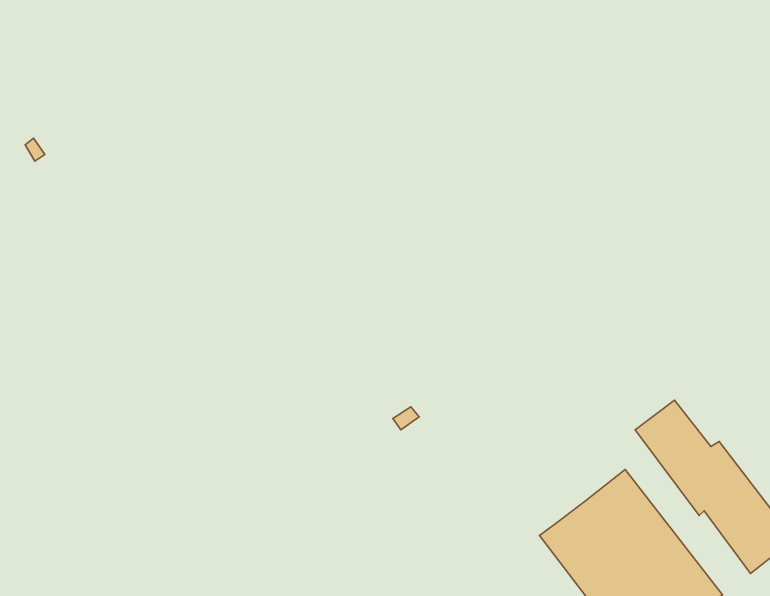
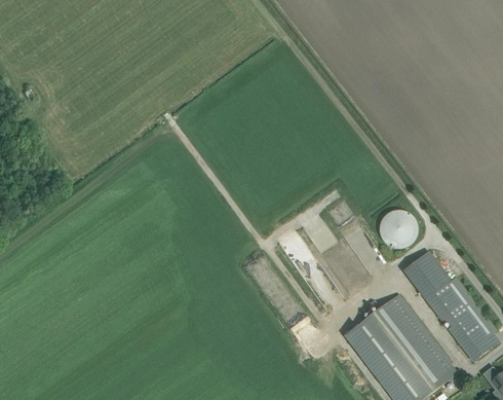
building: none -> [379,210,418,248]

